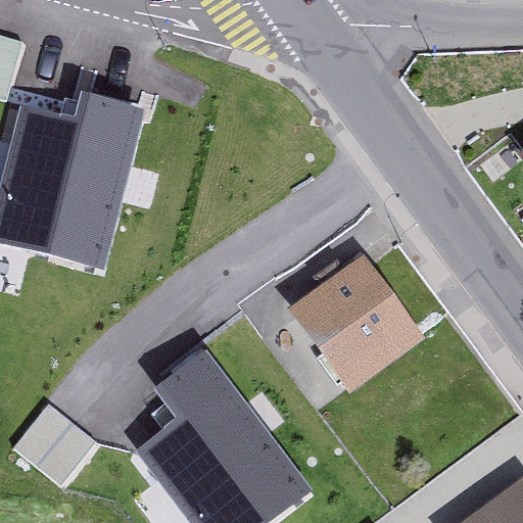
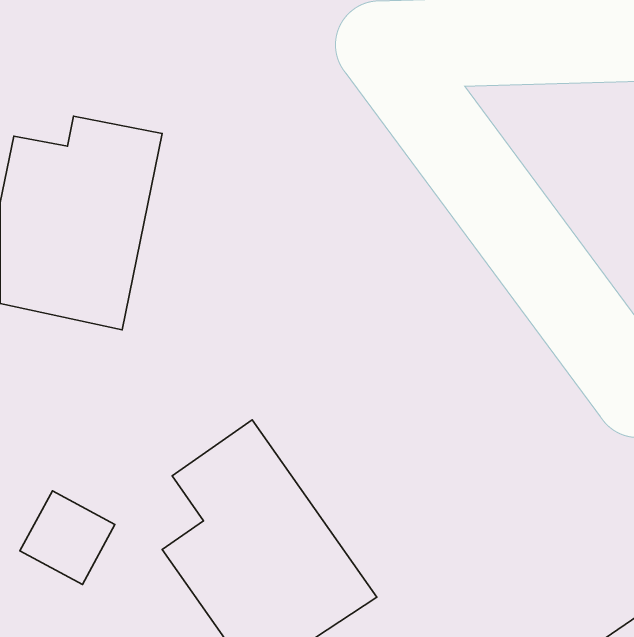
building: [269,247,430,402] -> none

